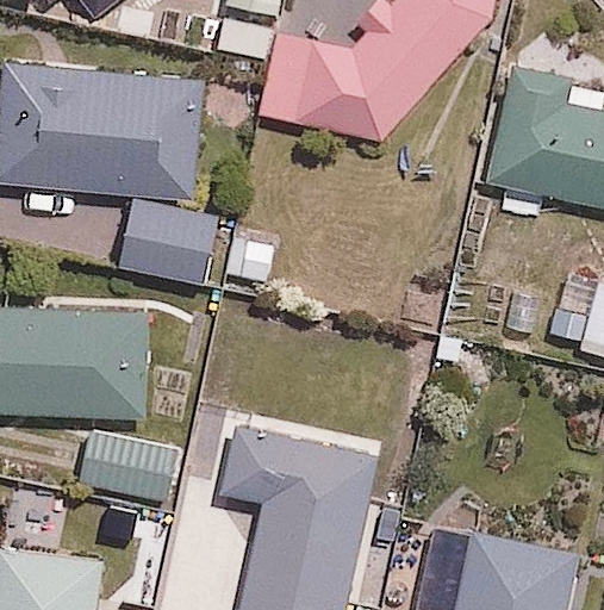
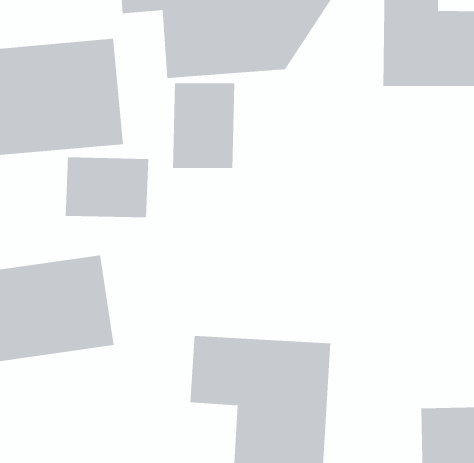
building: none -> [173,82,235,169]
building: [77,430,173,502] -> none

